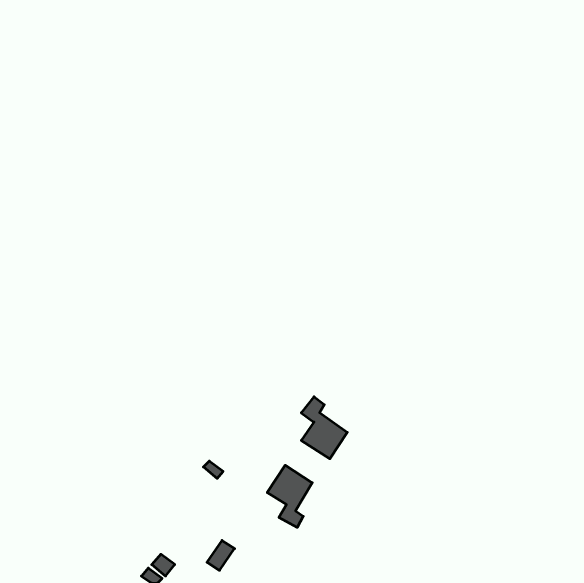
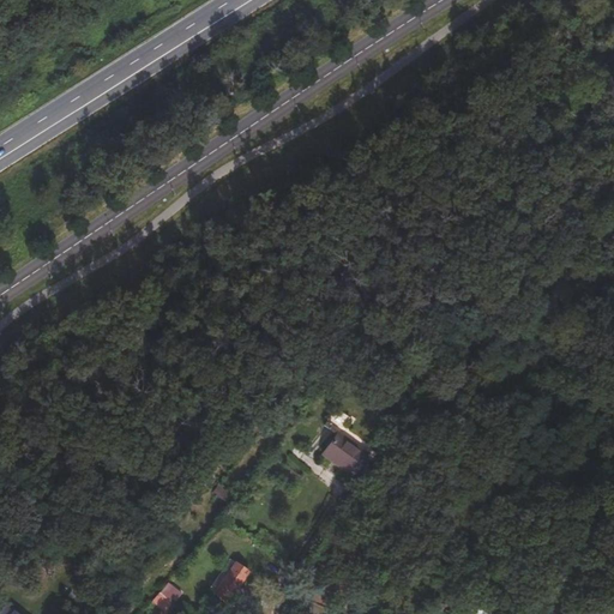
building: [267,465,312,527] -> none

